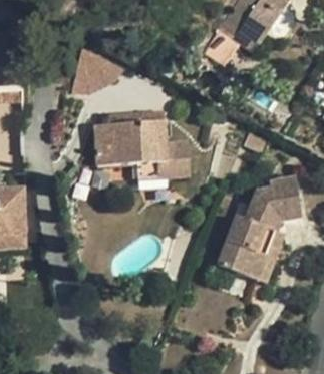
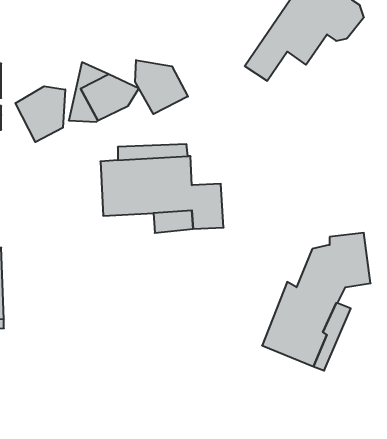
building: none -> [135,60,188,114]
building: none -> [15,86,65,142]

